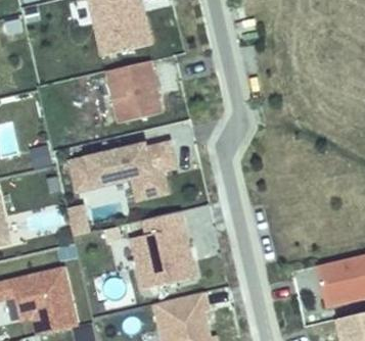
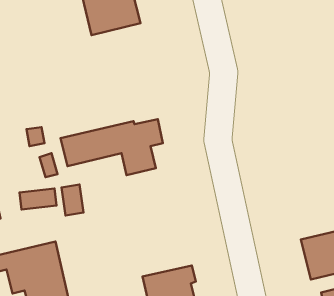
building: [104,59,161,123] -> none
building: [130,209,194,288] -> none

